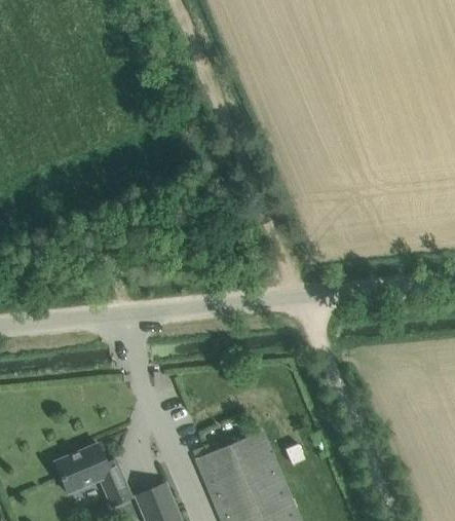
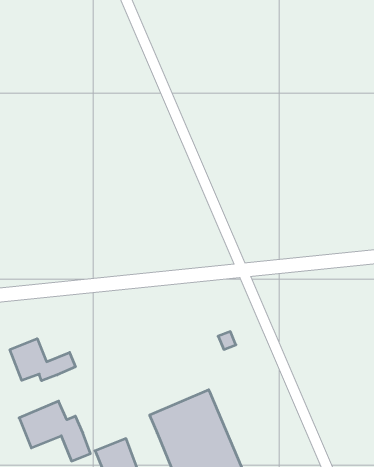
building: none -> [10,339,75,381]

